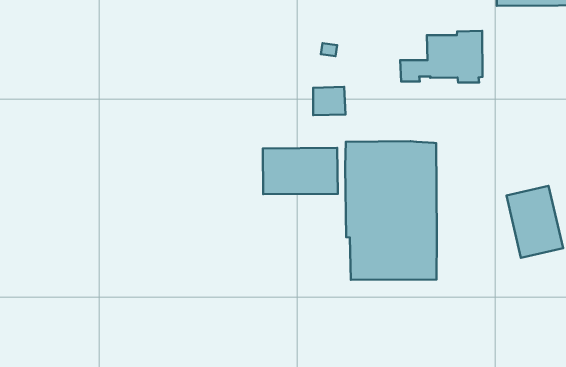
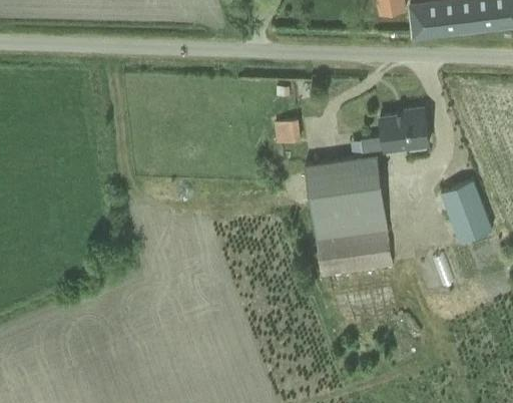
building: [400,31,482,83] -> [360,108,428,157]
building: [263,148,338,194] -> none

